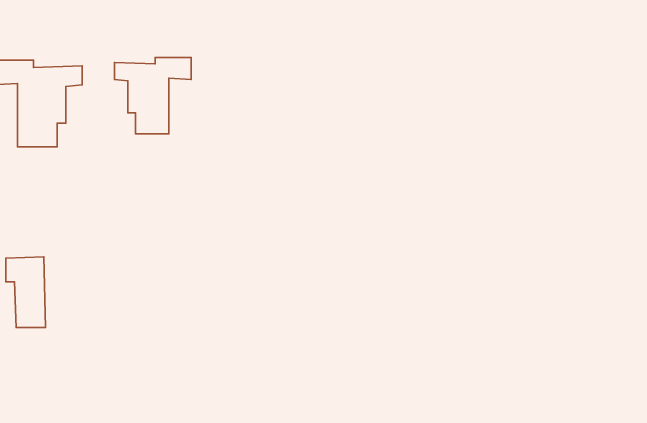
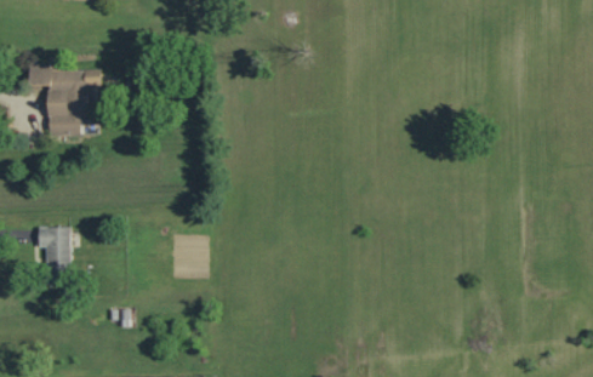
building: [114,57,191,134] -> none

